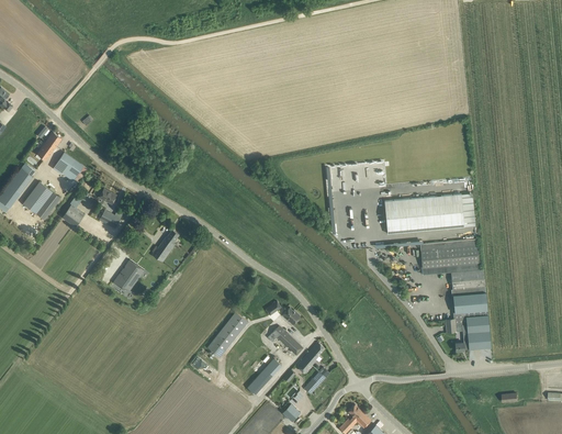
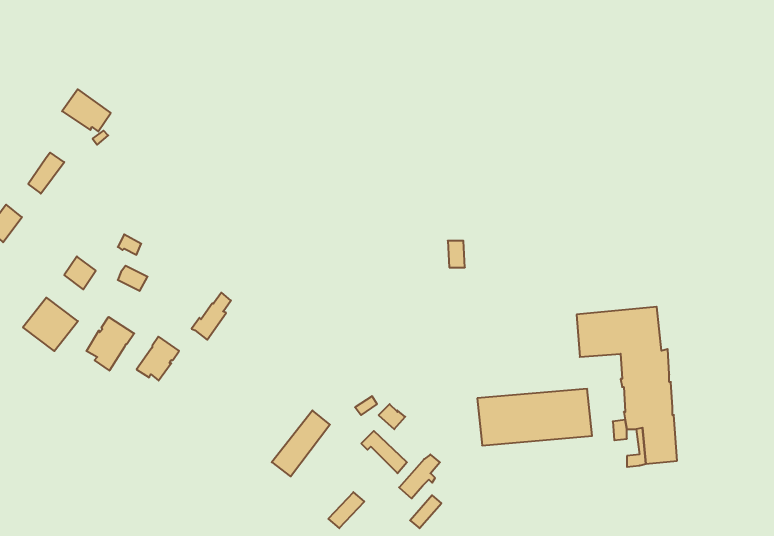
building: [53,152,87,181] -> [62,89,111,132]
building: [22,181,60,219] -> [23,298,78,351]
building: [383,193,463,233] -> [477,389,592,445]
building: none -> [86,317,134,371]

